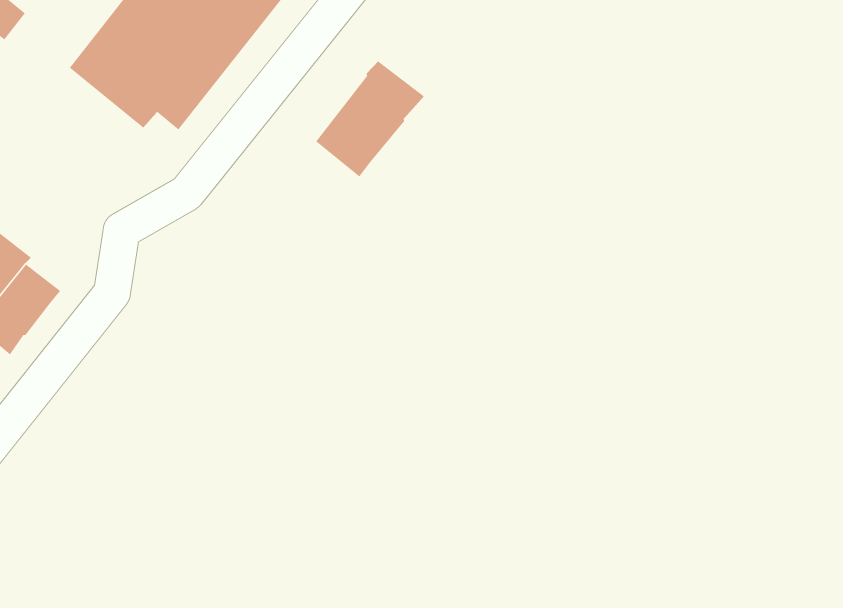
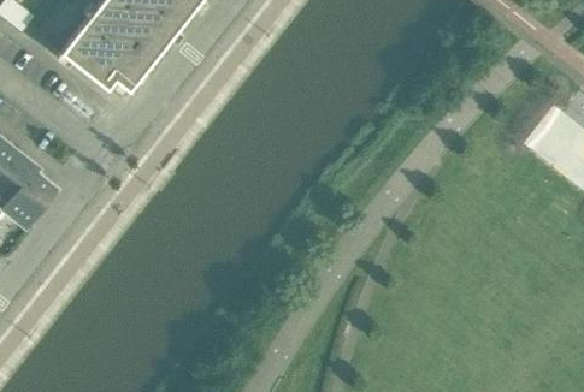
building: [315,60,425,178] -> none

